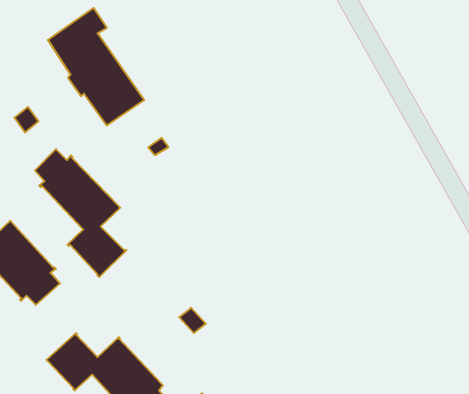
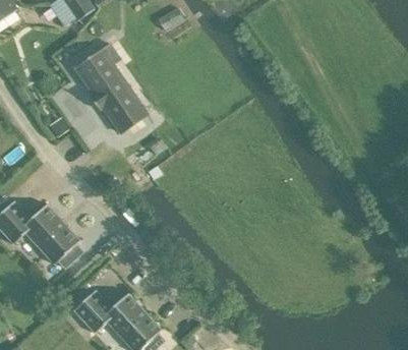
building: [35,149,127,277] -> none

